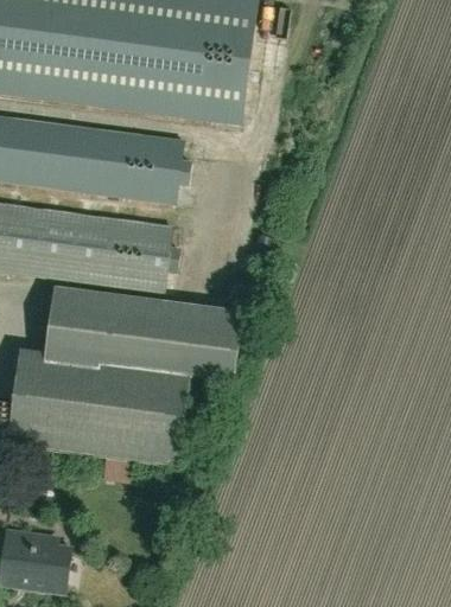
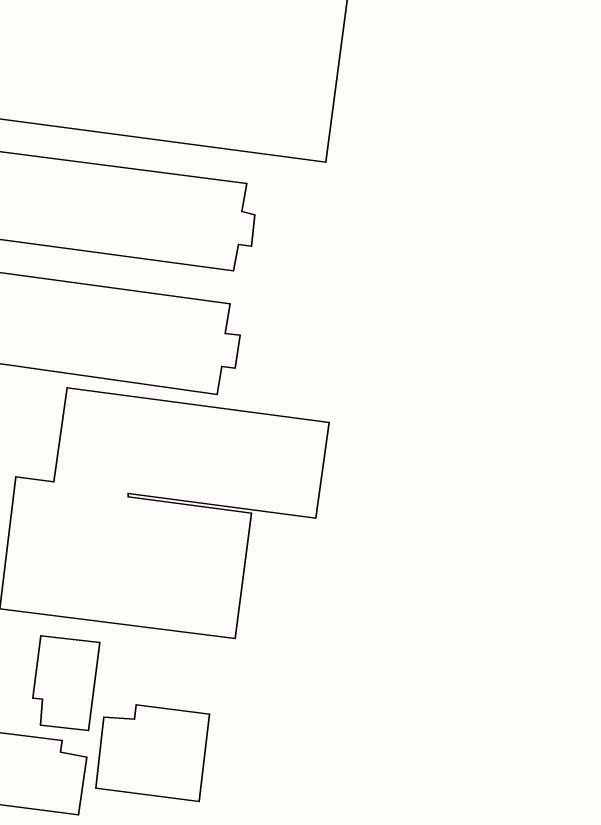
building: none -> [33,636,100,731]
building: none -> [96,705,209,802]

